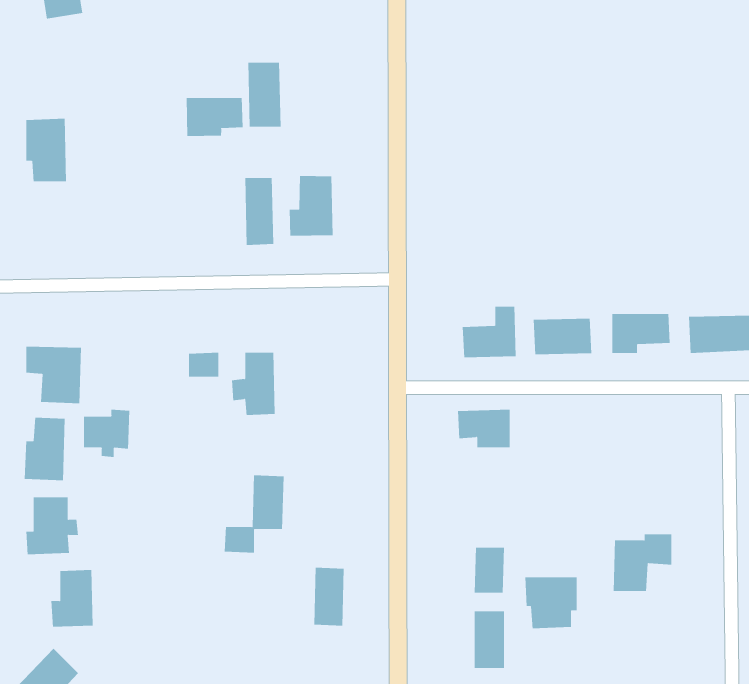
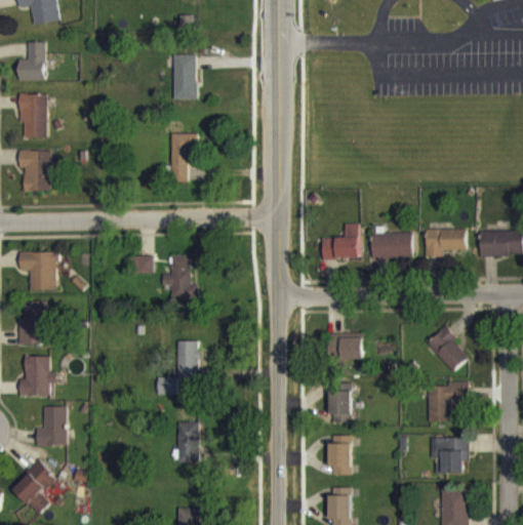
building: none -> [18,42,45,80]
building: [186,97,243,137] -> none
building: [289,175,333,237] -> none
building: none -> [18,150,49,191]
building: [83,409,130,458] -> none
building: [457,409,510,448] -> [325,332,362,359]
building: none -> [426,325,467,371]
building: [313,567,345,626] -> [176,421,198,462]
building: [524,577,578,629] -> [430,438,467,474]

